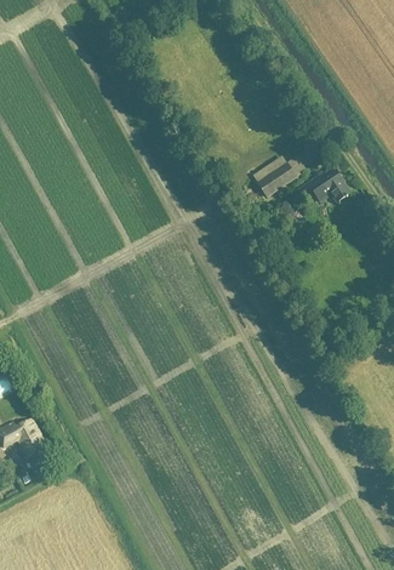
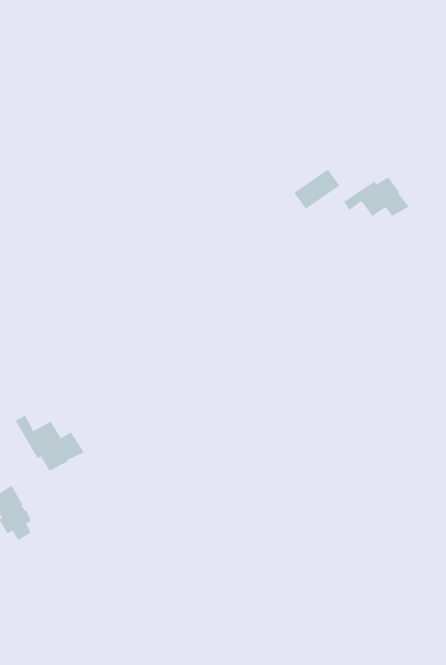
building: none -> [15,415,85,472]

